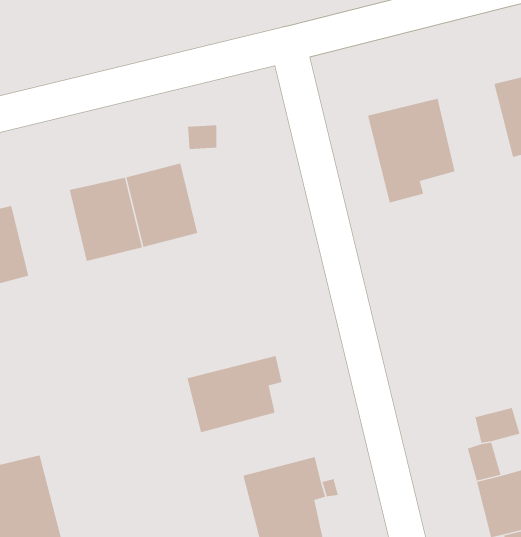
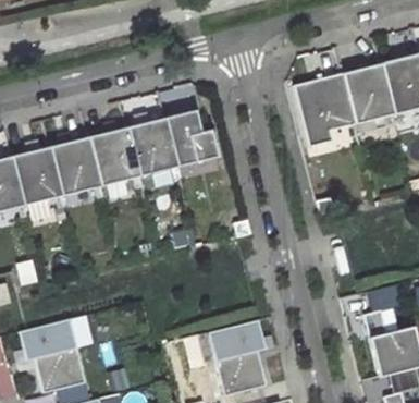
building: none -> [344,63,395,124]
building: none -> [167,110,219,167]
building: none -> [50,136,101,196]
building: [186,355,282,433] -> none

